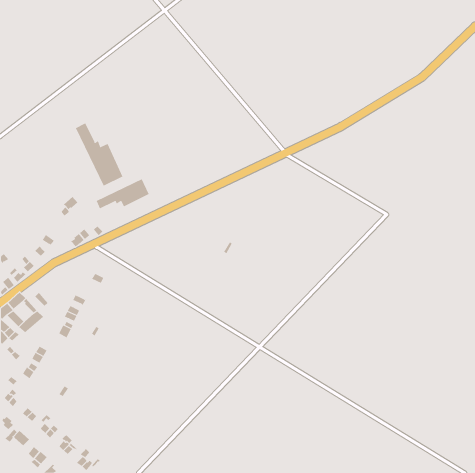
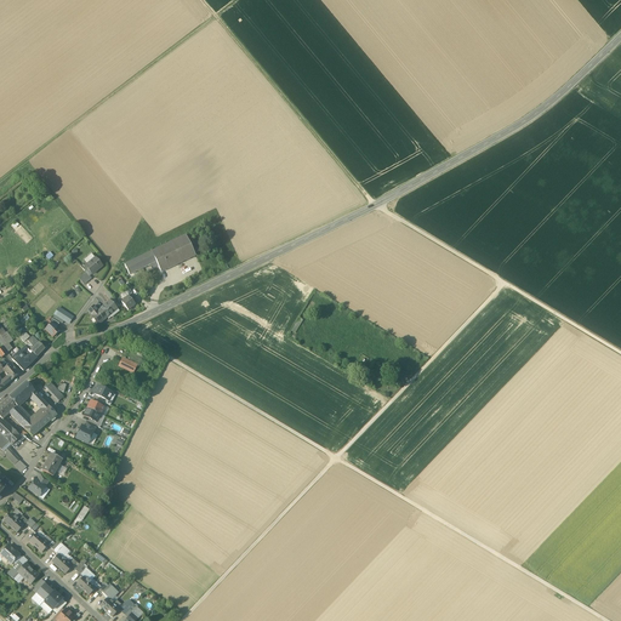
building: [75,122,123,186] -> none

